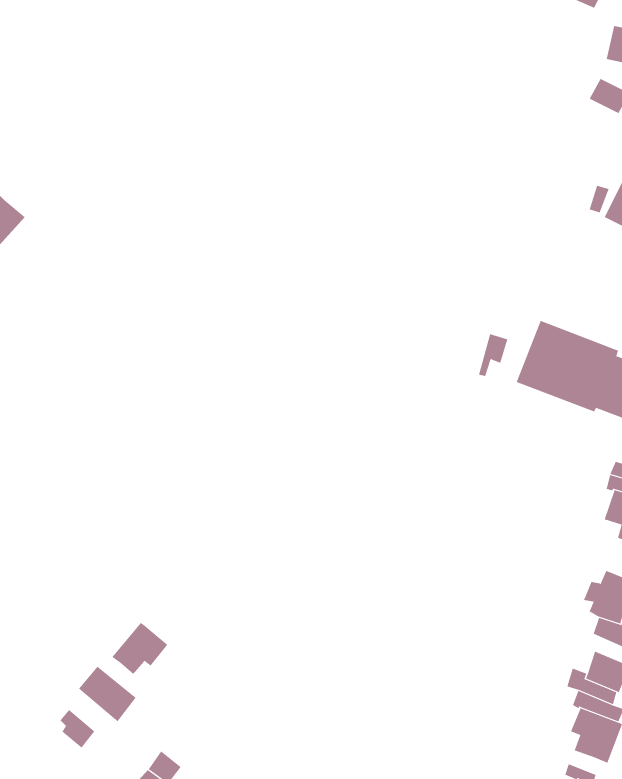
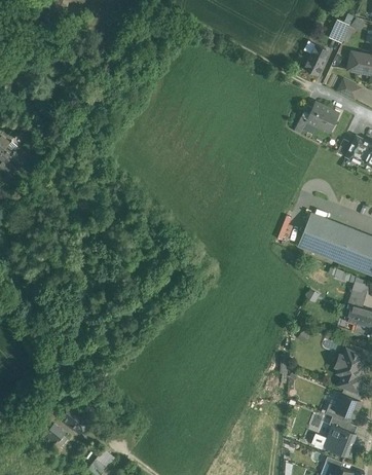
building: none -> [303,44,326,76]
building: none -> [304,102,337,132]
building: [112,622,169,675] -> none

